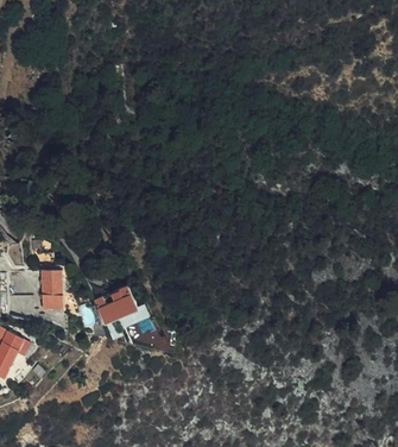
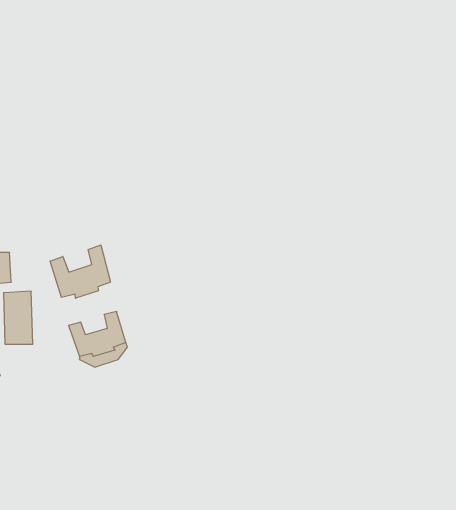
building: none -> [50,245,111,298]

